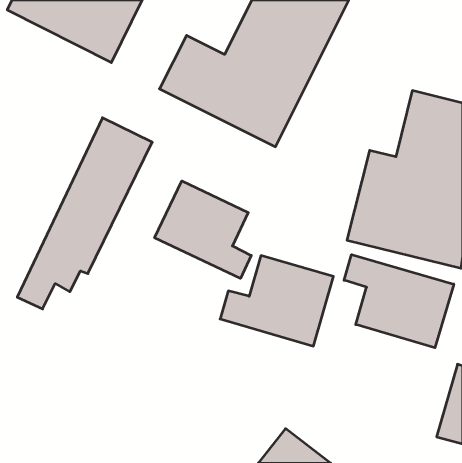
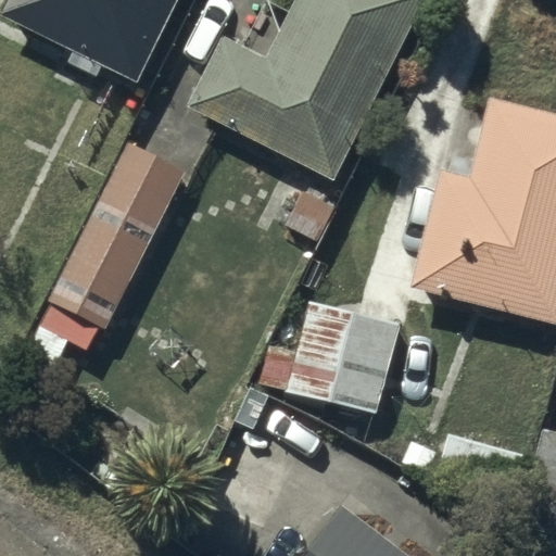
building: [155,181,251,278] -> none
building: [344,255,454,348] -> none

